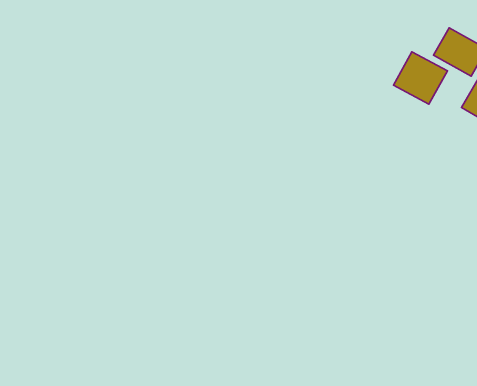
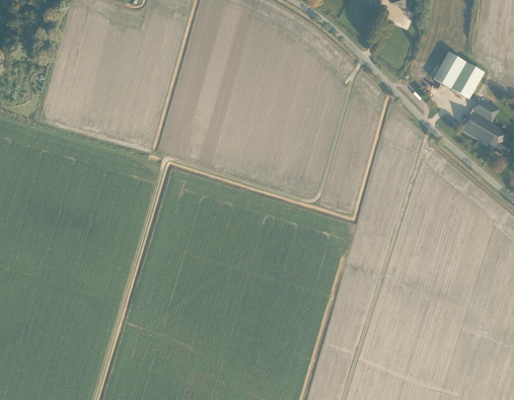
building: [393,52,447,104] -> none

